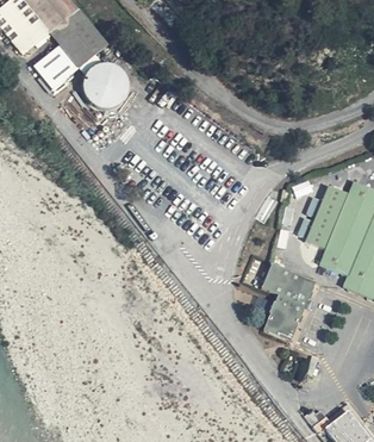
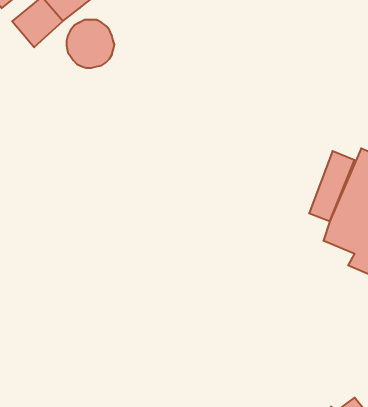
building: [263,266,317,343] -> none

